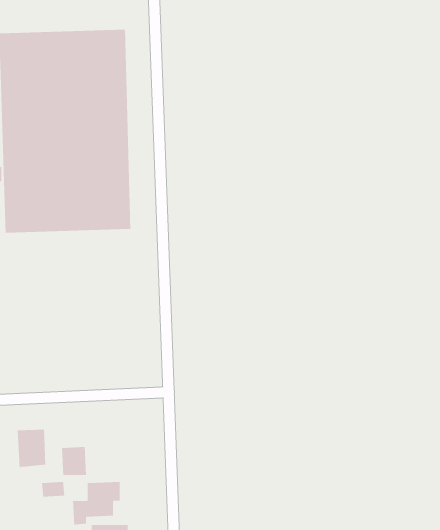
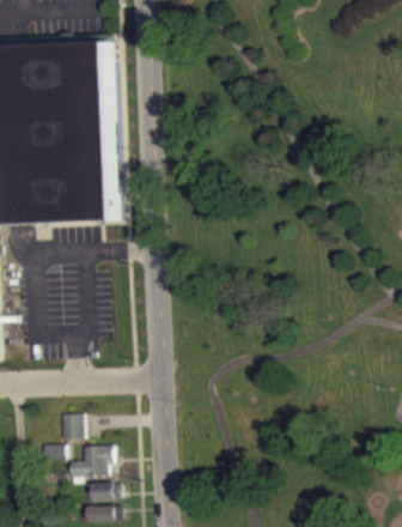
building: [17,429,46,468] -> none

